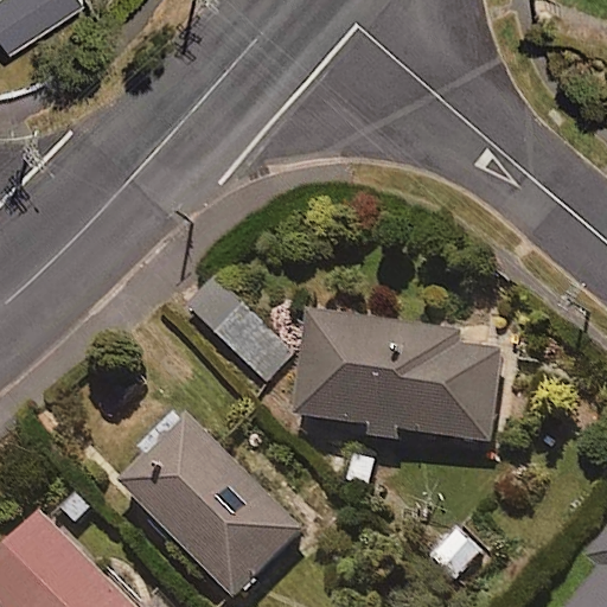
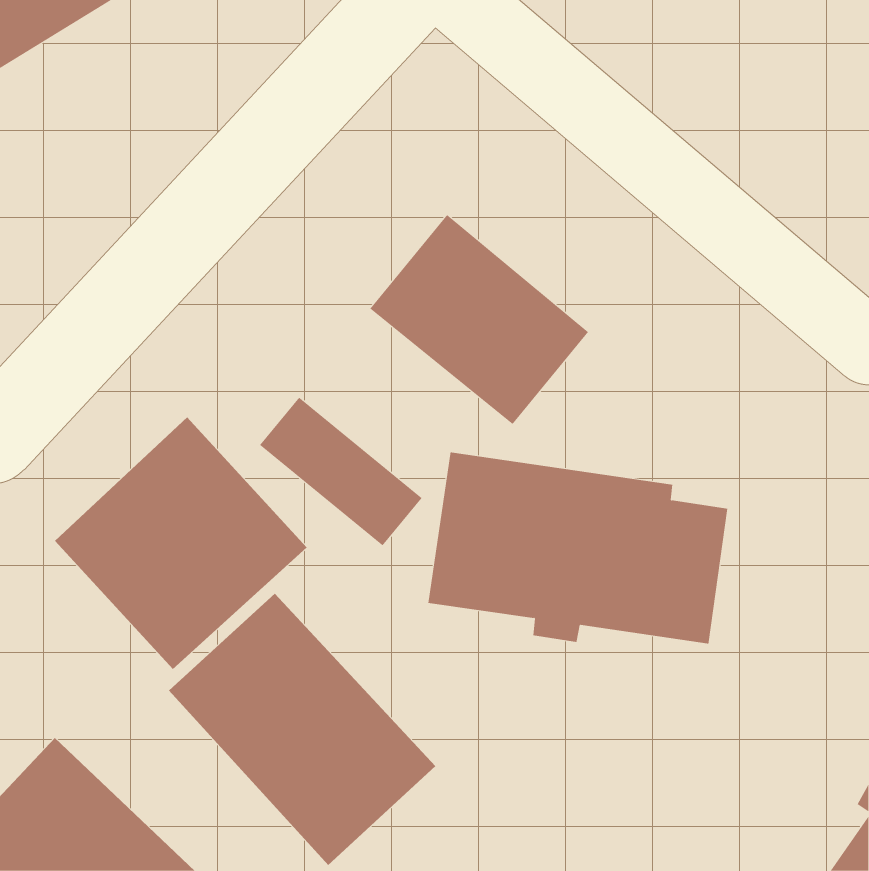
building: none -> [369,214,589,425]
building: none -> [54,417,308,670]

